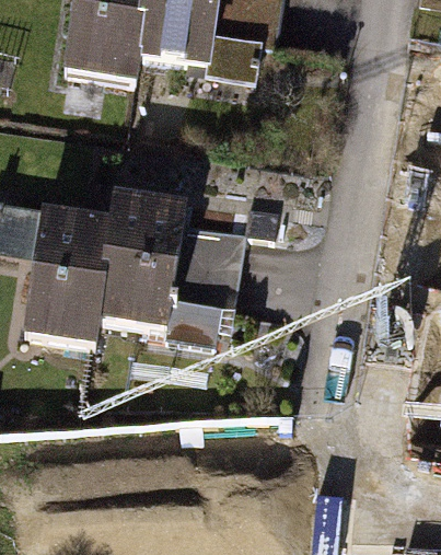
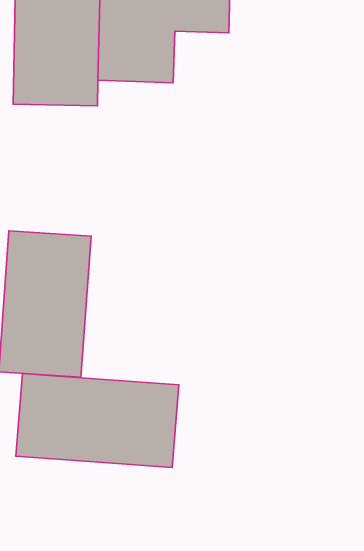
building: [114,199,248,338] -> none
building: none -> [16,373,179,467]

